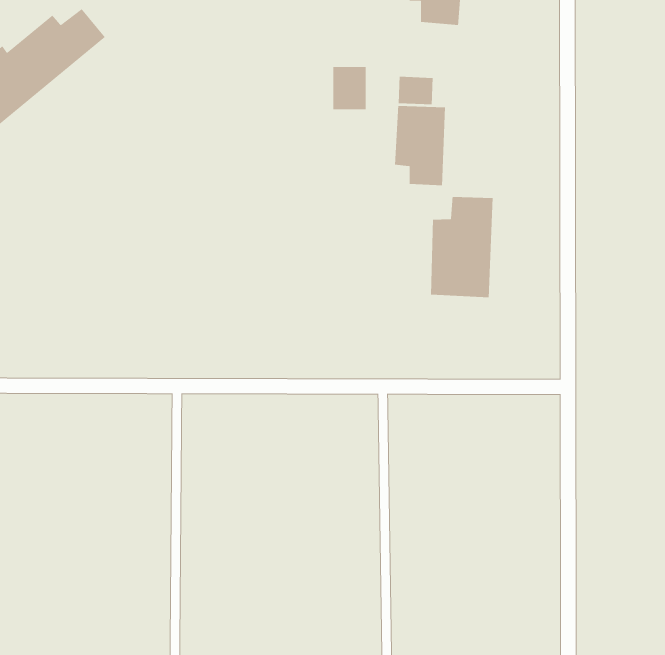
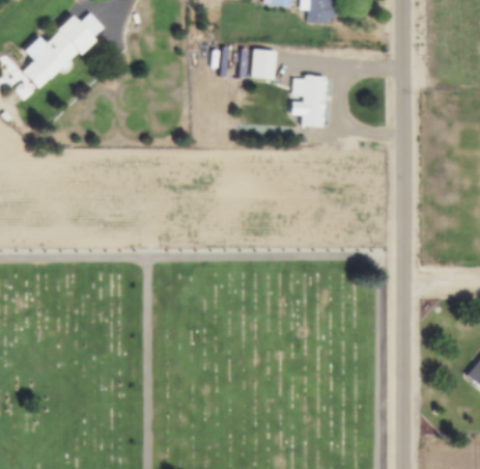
building: [398,76,434,105] -> none
building: [430,196,494,298] -> none

